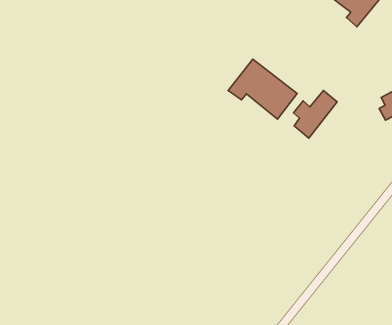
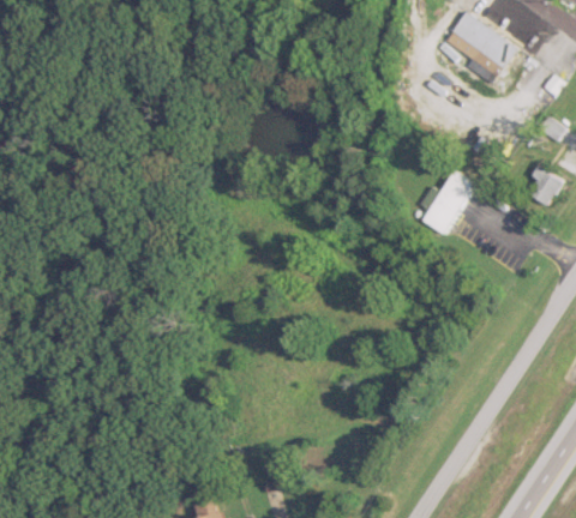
building: [228,59,297,119] -> none

